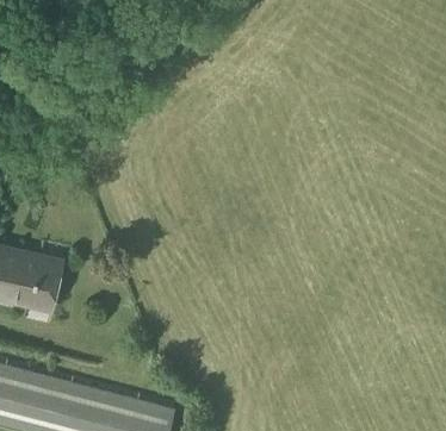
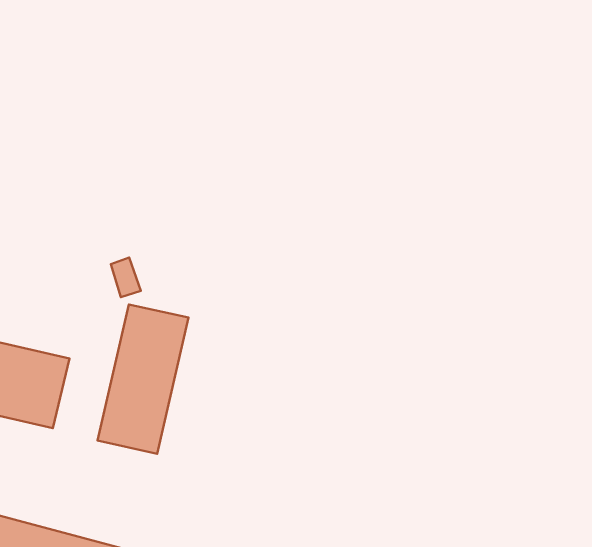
building: none -> [98,304,189,454]

